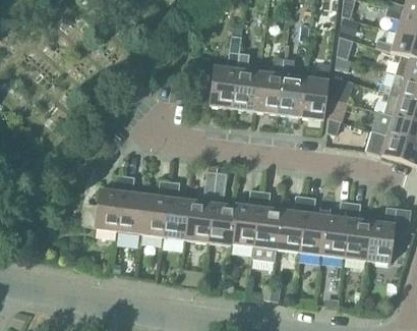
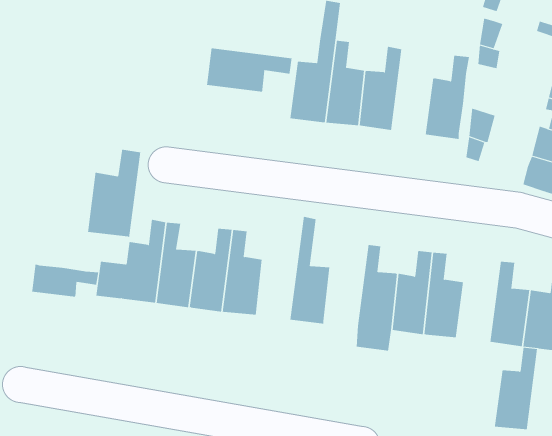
building: none -> [206,47,292,93]
building: [279,58,306,116] -> none
building: none -> [87,149,141,238]
building: [187,170,219,241] -> none
building: [233,188,262,245] -> none
building: [322,201,352,257] -> [494,347,538,430]
building: none -> [31,264,99,298]

